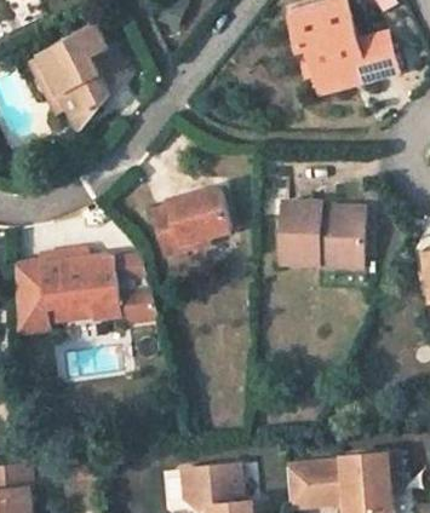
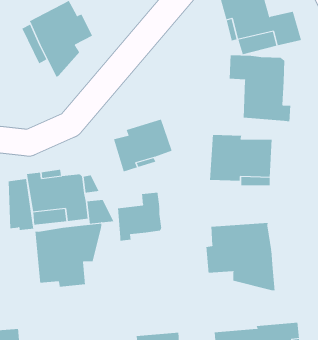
building: none -> [229,55,291,122]
building: none -> [117,192,162,241]
building: none -> [206,222,275,291]
building: none -> [35,223,102,288]

